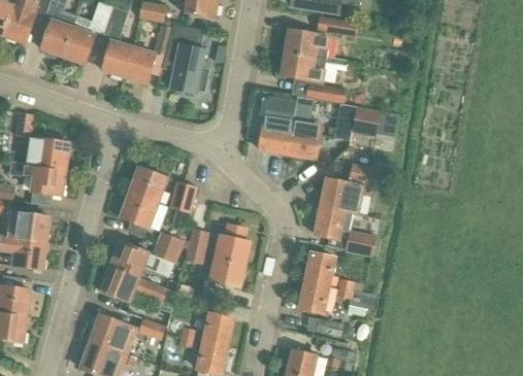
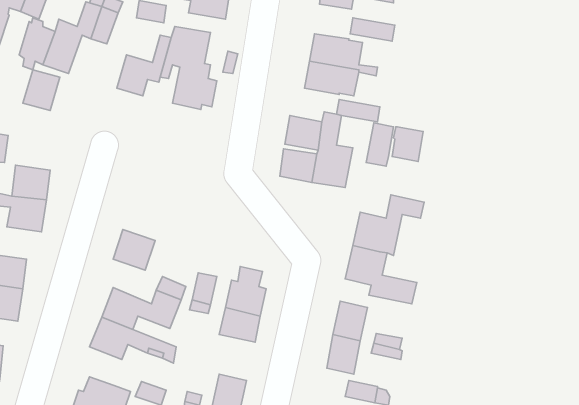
building: [101,41,132,75] -> [23,70,60,111]
building: [129,168,165,202] -> none
building: [169,181,196,213] -> none

